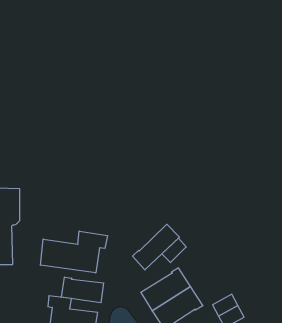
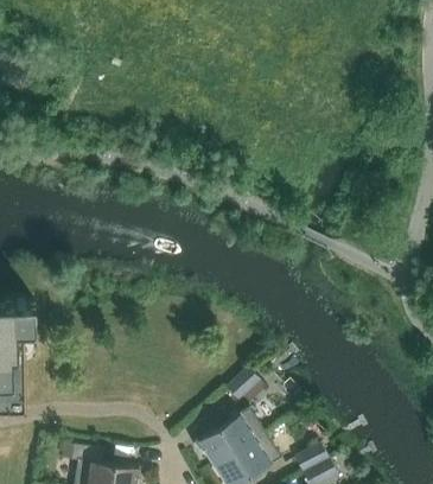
building: [133,224,179,270] -> none
building: [40,231,107,273] -> none
building: [61,277,103,303] -> none

